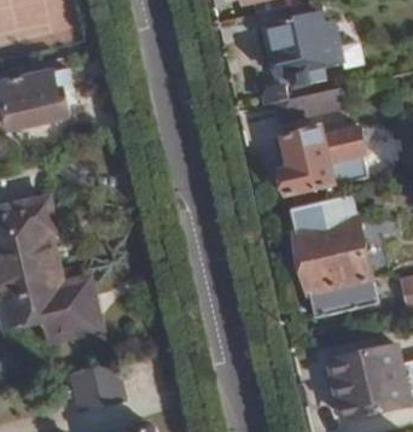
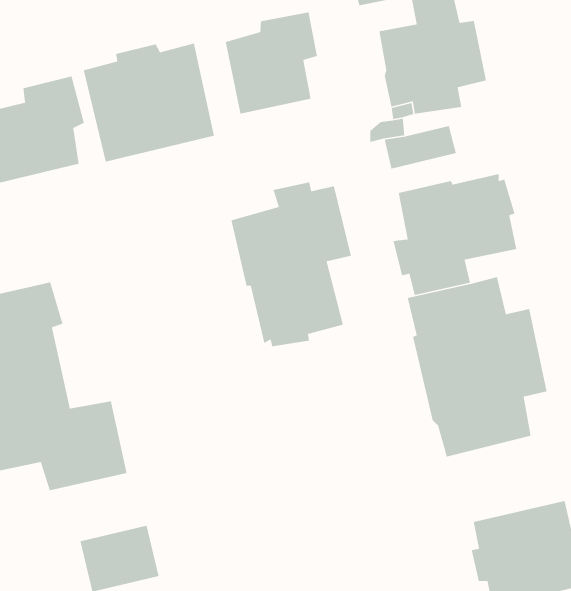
building: none -> [225,12,318,115]
building: none -> [83,43,215,163]
building: none -> [230,182,352,347]

